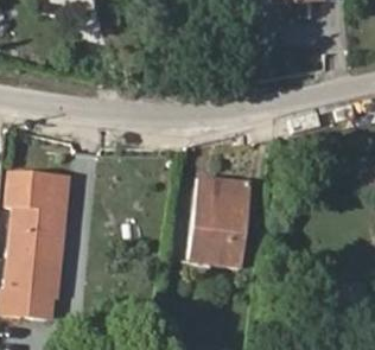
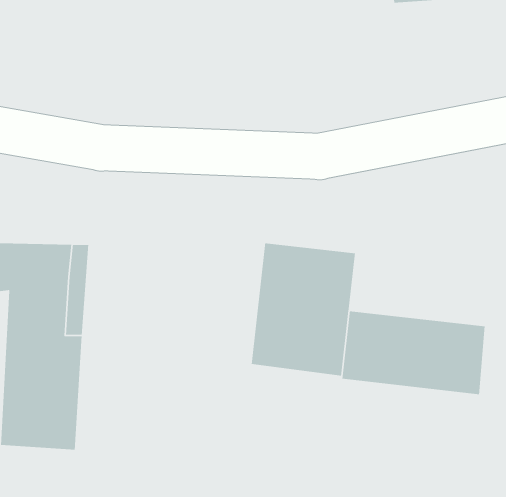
building: none -> [342,311,485,395]

